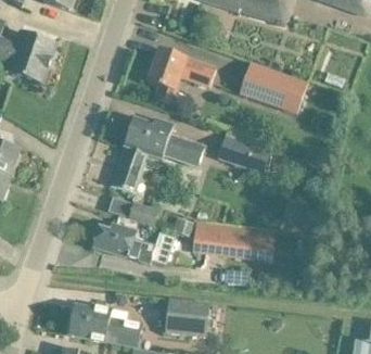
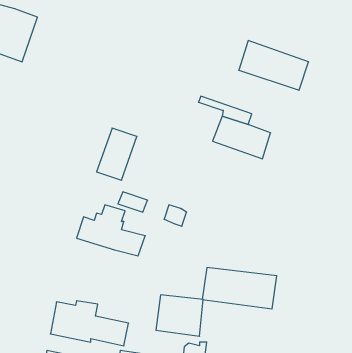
building: [148,48,216,104] -> none
building: [125,117,205,166] -> none
building: [193,222,261,260] -> [202,268,277,309]

